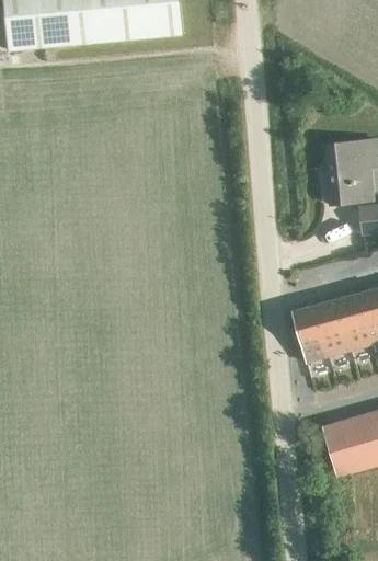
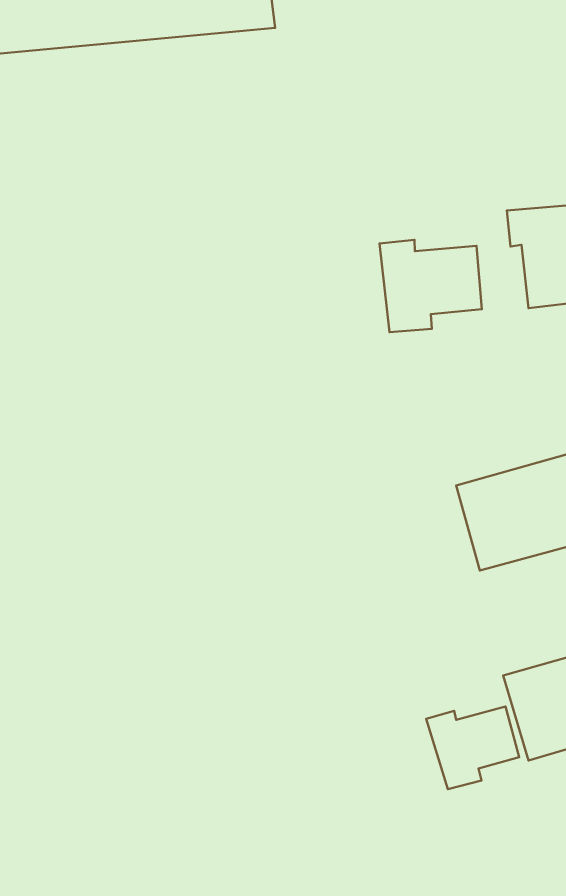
building: none -> [379,240,482,332]
building: none -> [426,706,519,789]

